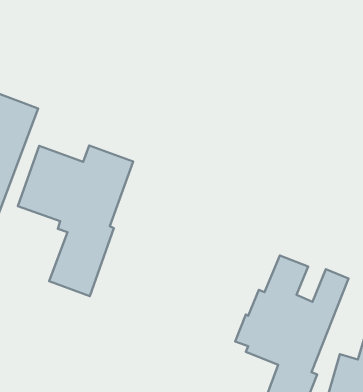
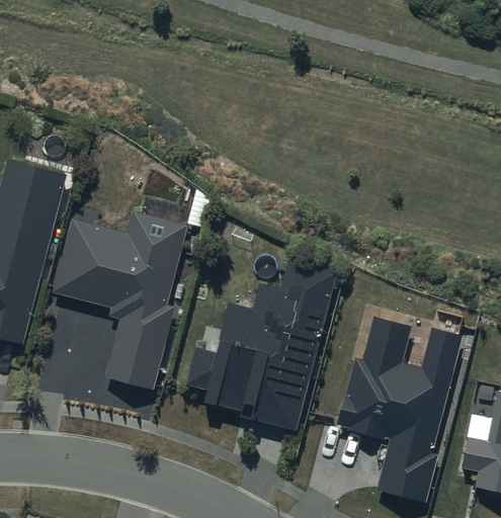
building: none -> [186,259,336,433]

